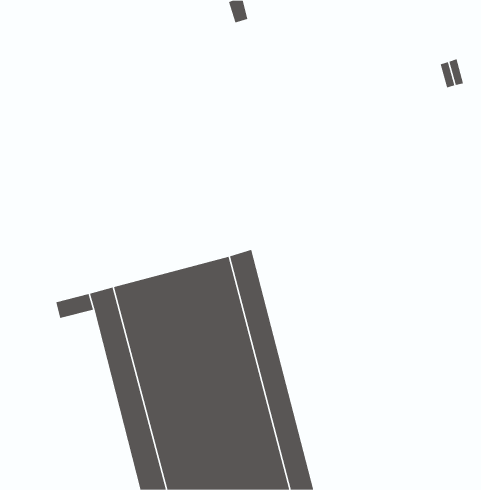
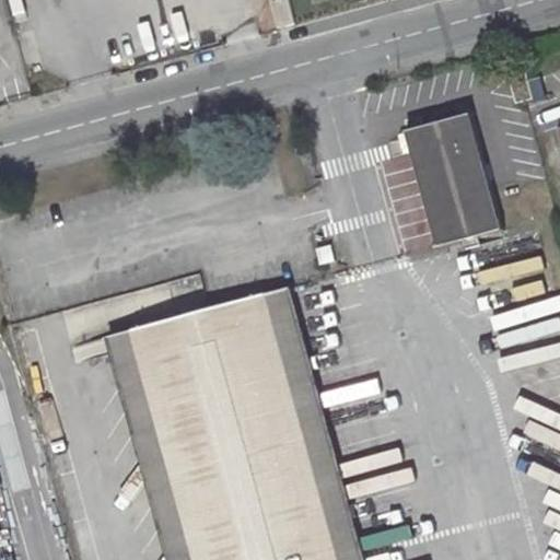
building: none -> [404,112,501,246]

